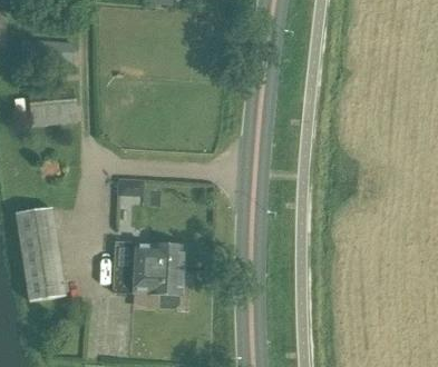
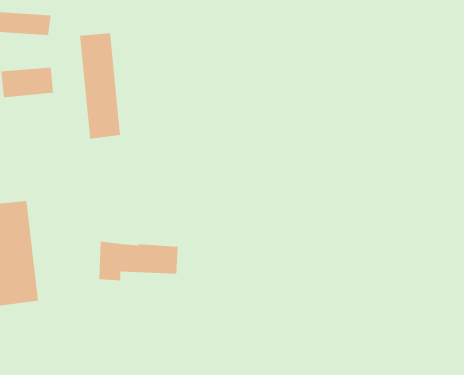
building: none -> [80,33,121,139]
building: [115,268,185,309] -> none

